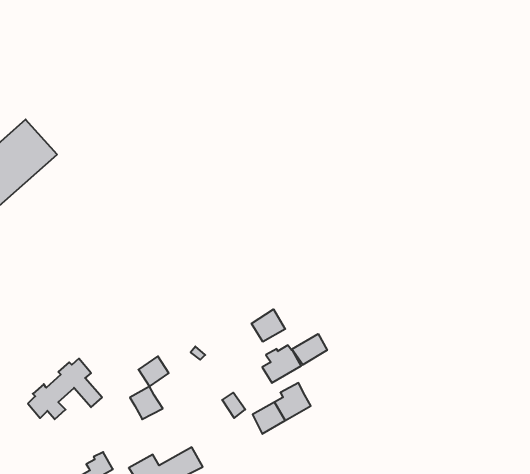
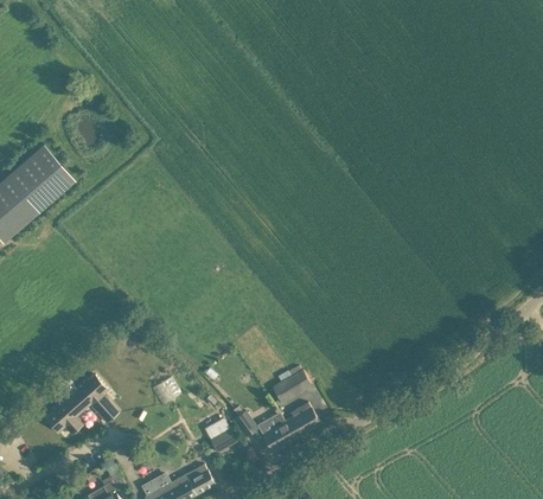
building: [252,309,285,342] -> none
building: [292,334,327,365] -> none
building: [130,387,163,419] -> [205,418,237,450]

